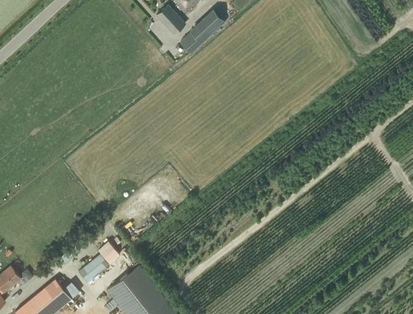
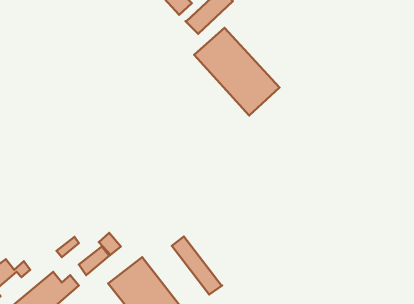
building: none -> [194,28,279,115]
building: none -> [172,236,222,295]

